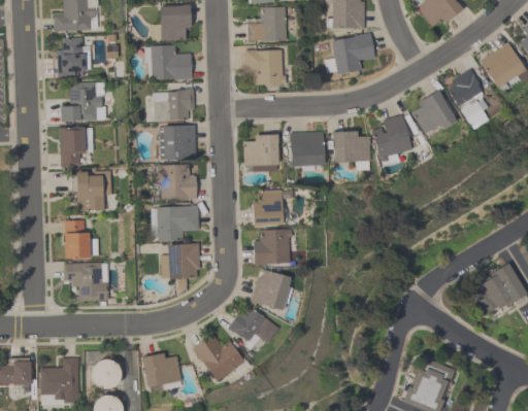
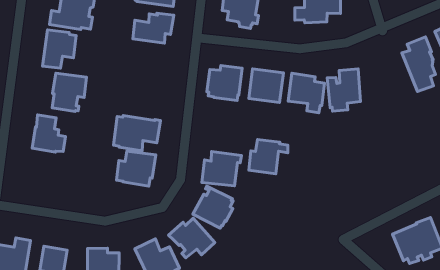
building: [410,90,457,134] -> none
building: [159,125,196,160] -> none
building: [153,164,196,199] -> none
building: [252,189,292,225] -> [249,139,288,174]
building: [64,263,108,301] -> none

